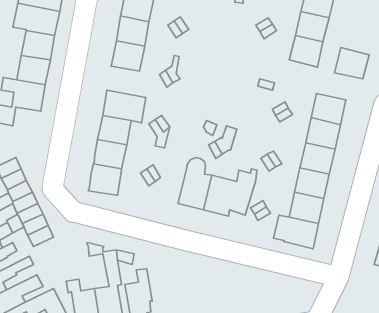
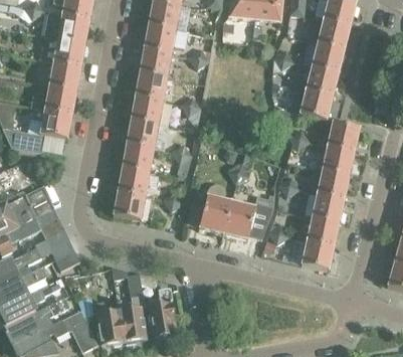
building: [334,47,369,79] -> [299,90,333,120]
building: none -> [131,96,162,124]

